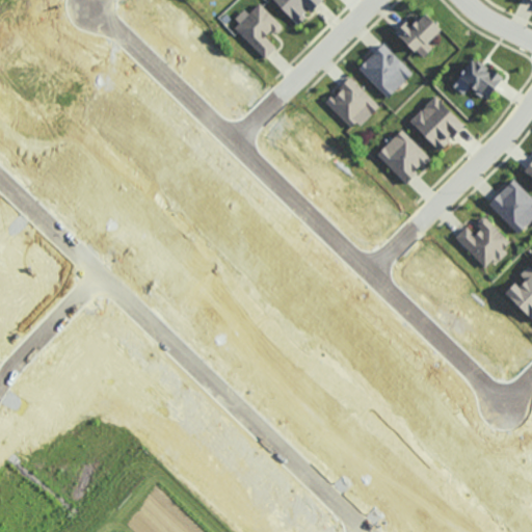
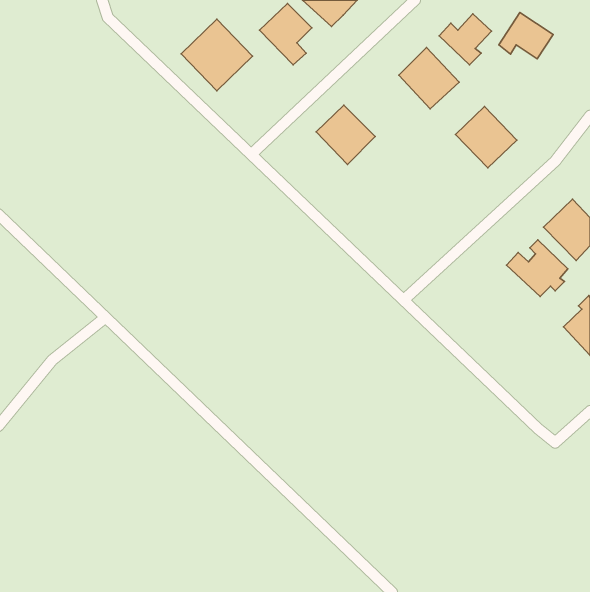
building: none -> [181,19,253,91]
building: [452,57,501,99] -> [499,12,553,59]
building: [324,77,377,130] -> [316,105,375,164]
building: [375,129,429,183] -> none

